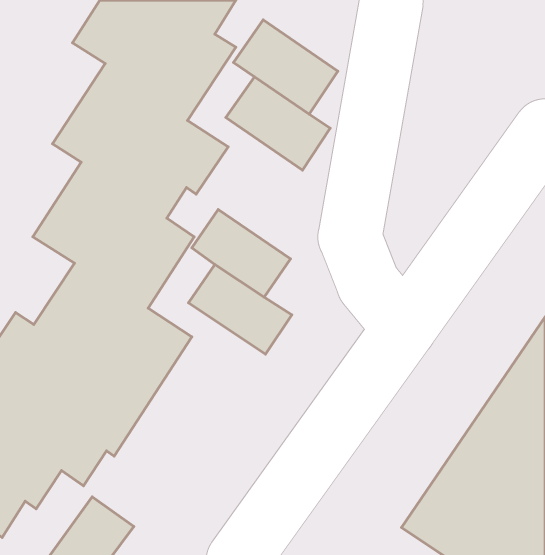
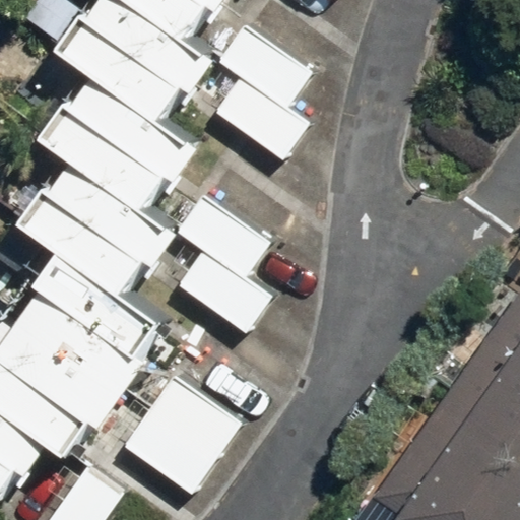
building: none -> [124,373,242,492]

